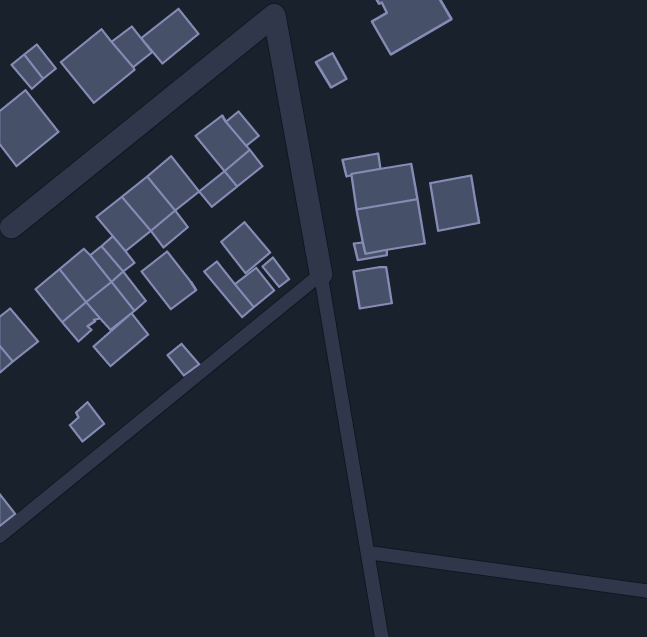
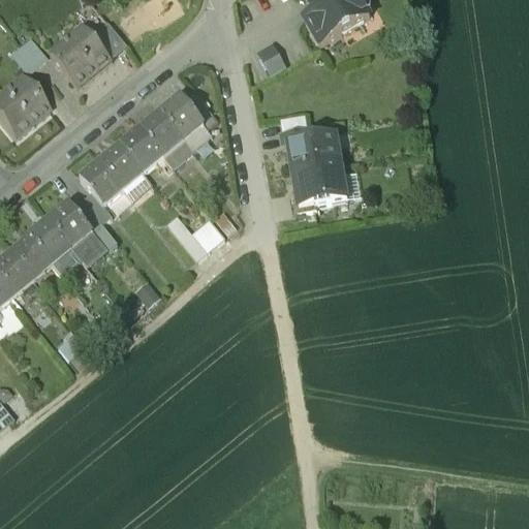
building: [141,9,198,63] -> none
building: none -> [139,111,183,156]
building: [430,175,479,231] -> none
building: [221,222,270,273] -> none
building: [142,251,196,309] -> none
building: [353,267,392,309] -> none
building: none -> [8,236,51,278]
building: [93,313,148,366] -> none

